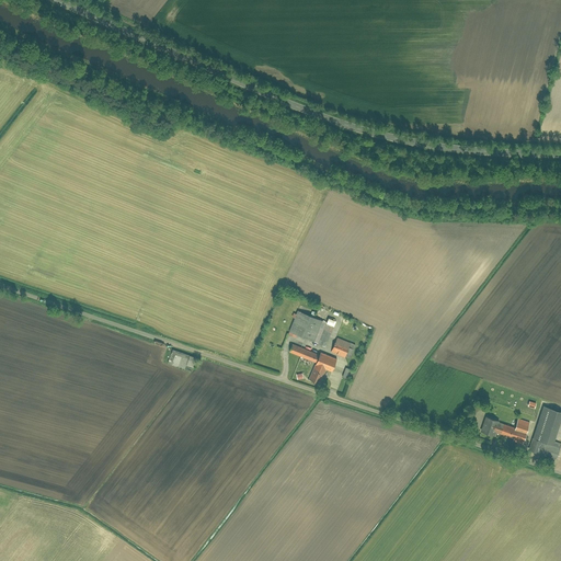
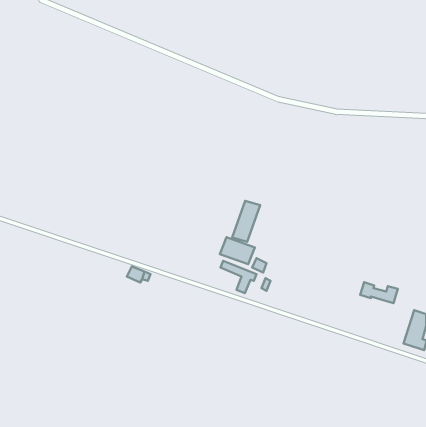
building: none -> [232,201,260,242]
building: [480,415,529,443] -> [360,282,398,303]

